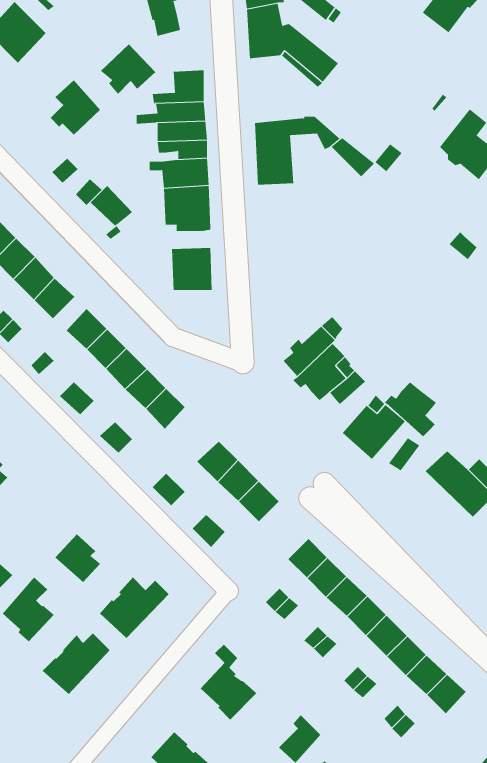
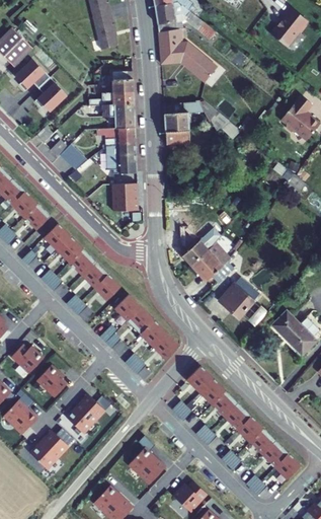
building: [100,44,156,95] -> [13,60,49,92]
building: [384,382,437,437] -> none
building: none -> [110,290,141,320]
building: none -> [11,345,44,374]

